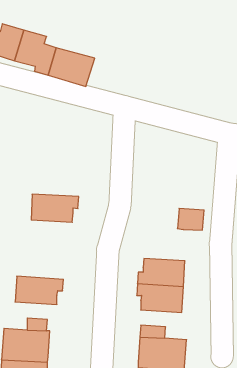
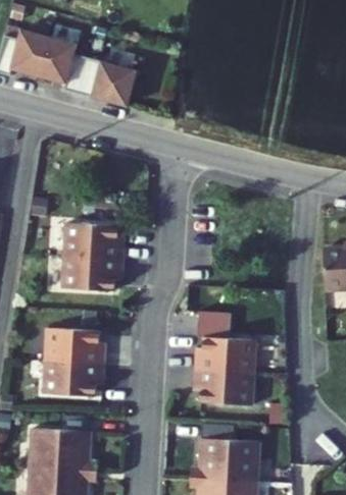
building: none -> [63,220,123,256]
building: [177,208,204,230] -> [198,308,232,335]
building: none -> [44,324,104,361]

